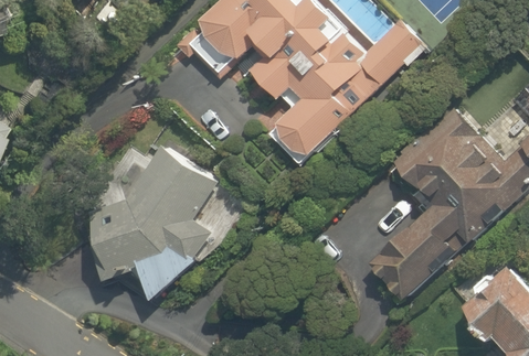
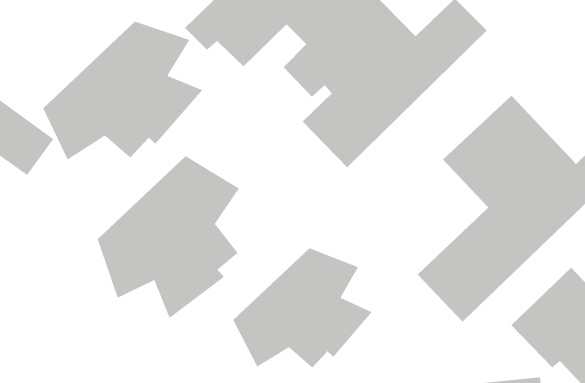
building: none -> [42,21,203,161]
building: none -> [233,248,373,369]

